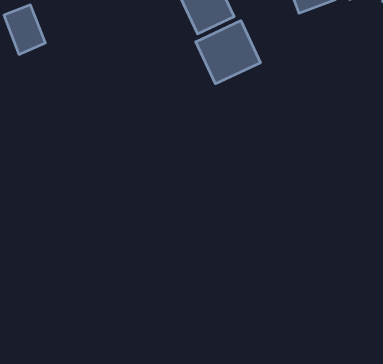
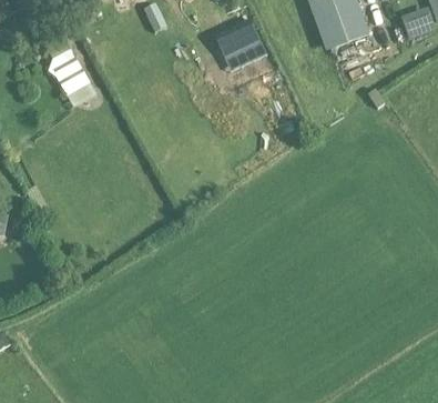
building: [196,21,260,84] -> none

